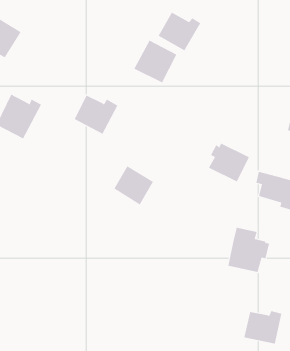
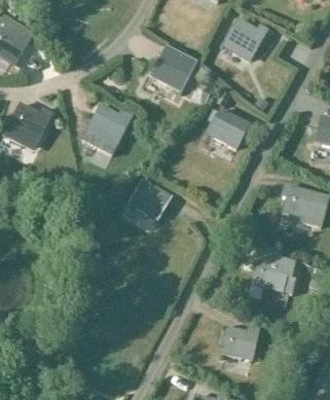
building: [158,12,201,51] -> [223,17,269,60]
building: [208,143,250,182] -> [206,108,250,150]
building: [244,310,282,344] -> [219,326,260,362]

